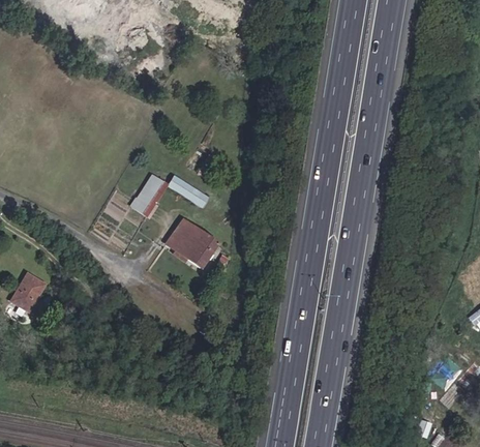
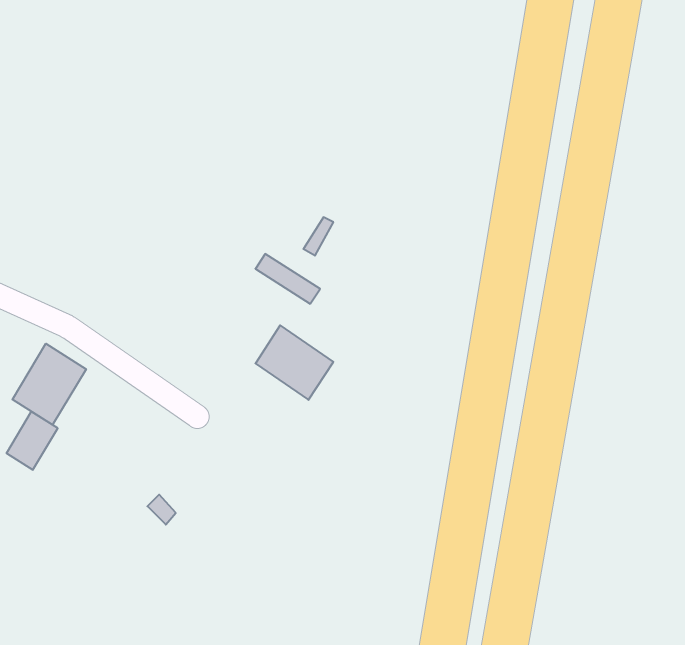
building: [131,174,168,215] -> none
building: none -> [12,344,86,425]

